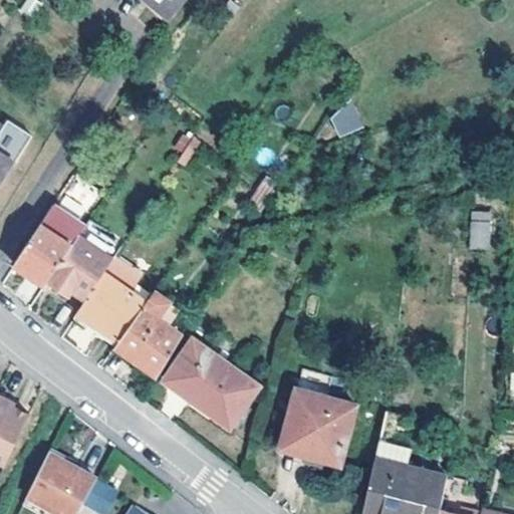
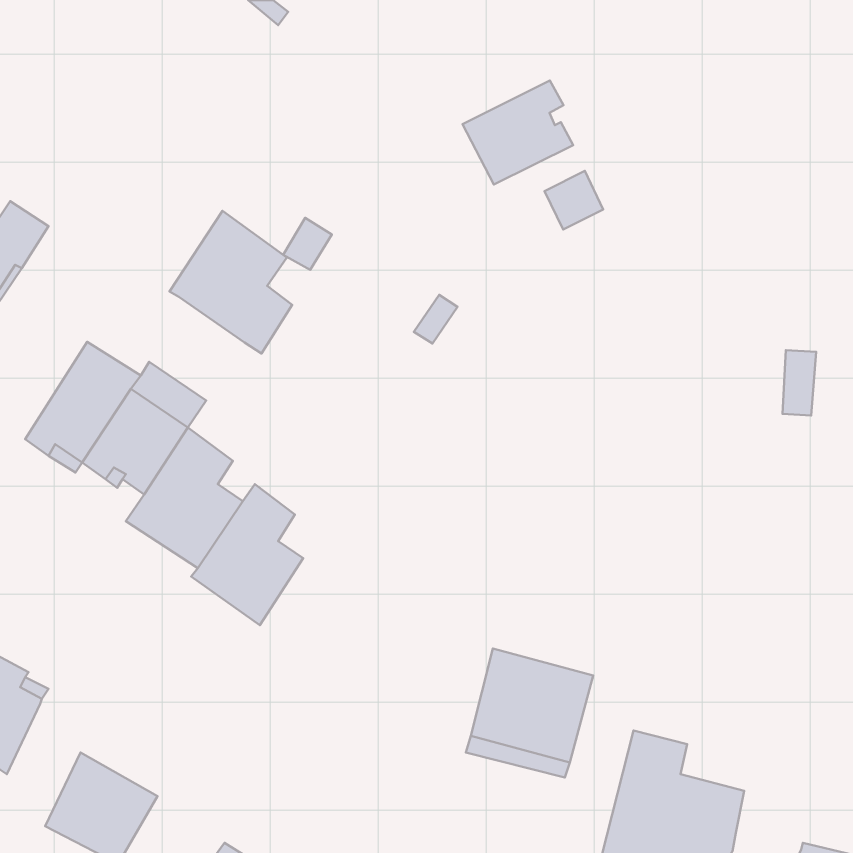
building: none -> [463,80,573,184]
building: none -> [169,211,292,354]
building: [165,340,257,427] -> none

